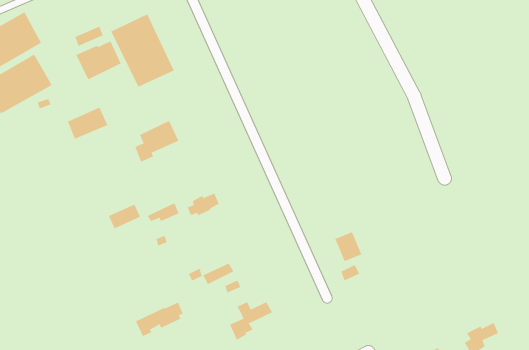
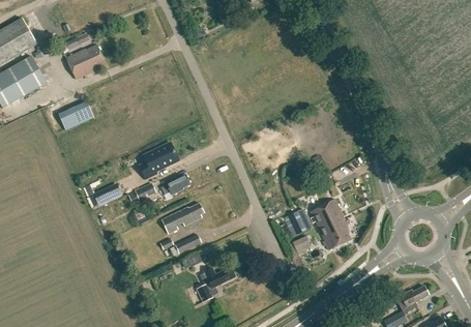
building: [110,13,175,87] -> none
building: [134,120,179,163] -> [140,143,178,179]
building: none -> [312,201,351,248]
building: [135,302,183,337] -> [163,203,204,233]

